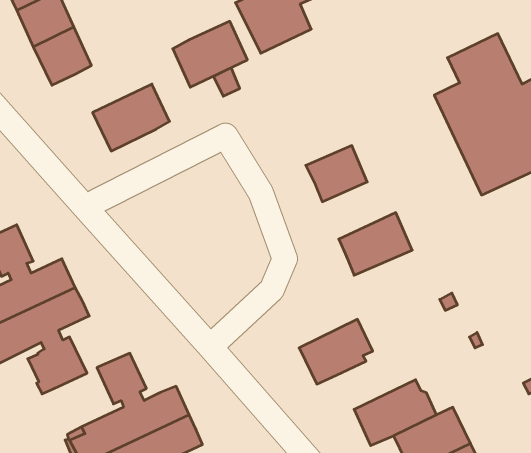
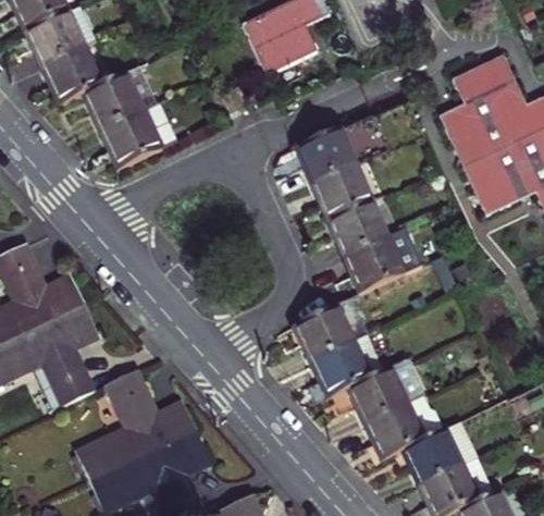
building: [173,21,247,87] -> [84,65,158,131]
building: none -> [297,126,358,183]
building: none -> [329,199,390,256]
building: none -> [288,299,363,364]
building: none -> [343,360,422,425]

